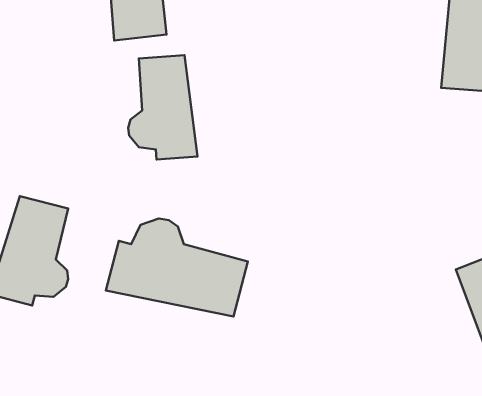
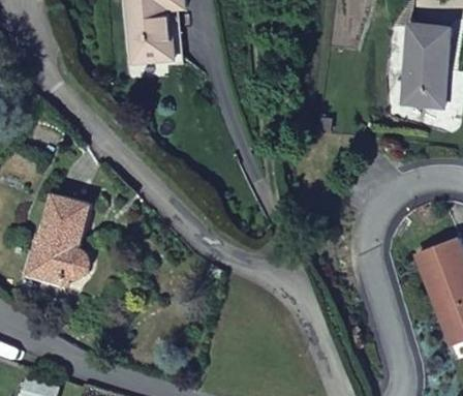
building: [128,55,197,160] -> none
building: [106,218,248,317] -> none

